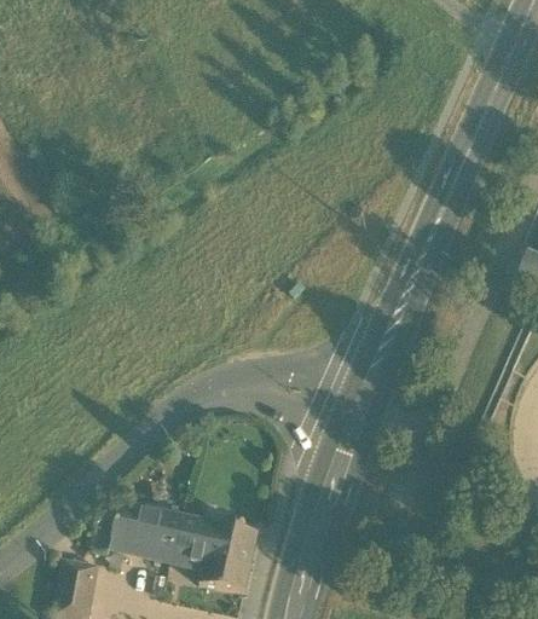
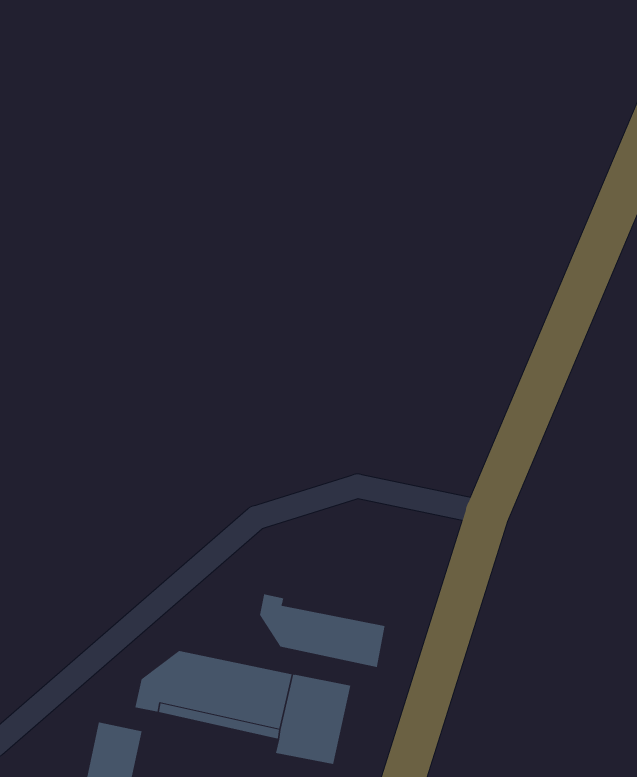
building: none -> [259,593,385,668]

